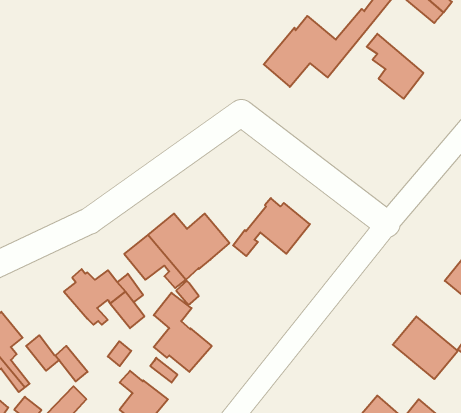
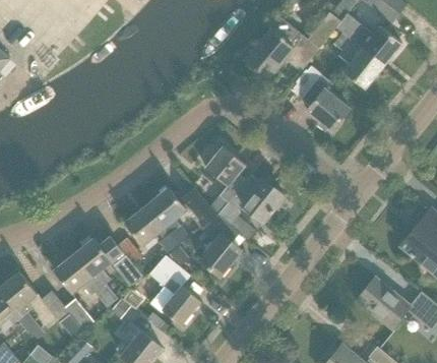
building: none -> [342,22,401,67]
building: none -> [292,66,350,130]
building: none -> [205,146,247,203]
building: none -> [199,214,242,277]
building: none -> [54,255,113,307]

